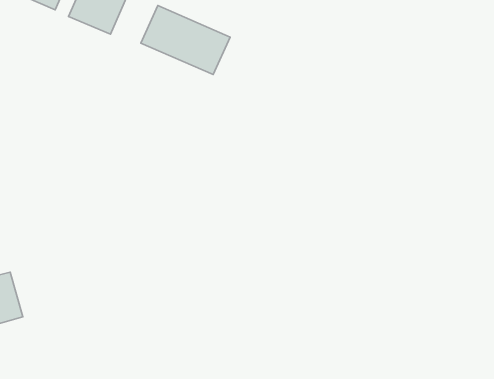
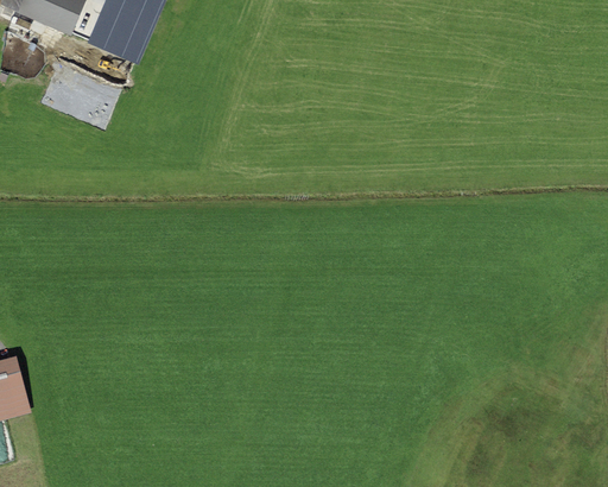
building: [141,6,230,75] -> none

